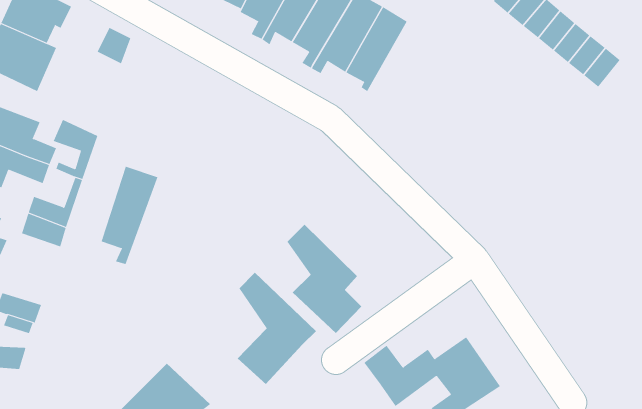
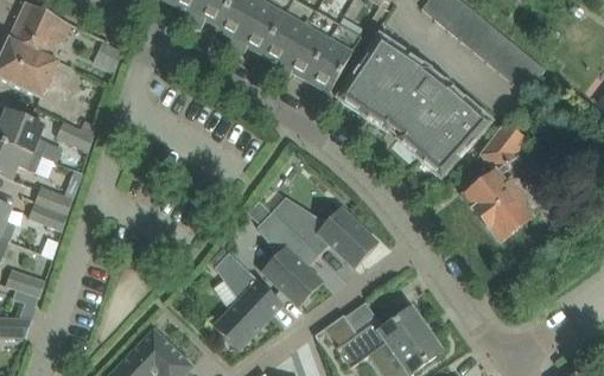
building: none -> [337,34,491,177]
building: none -> [464,120,533,240]
building: [101,166,158,265] -> none
building: none -> [272,196,377,267]

